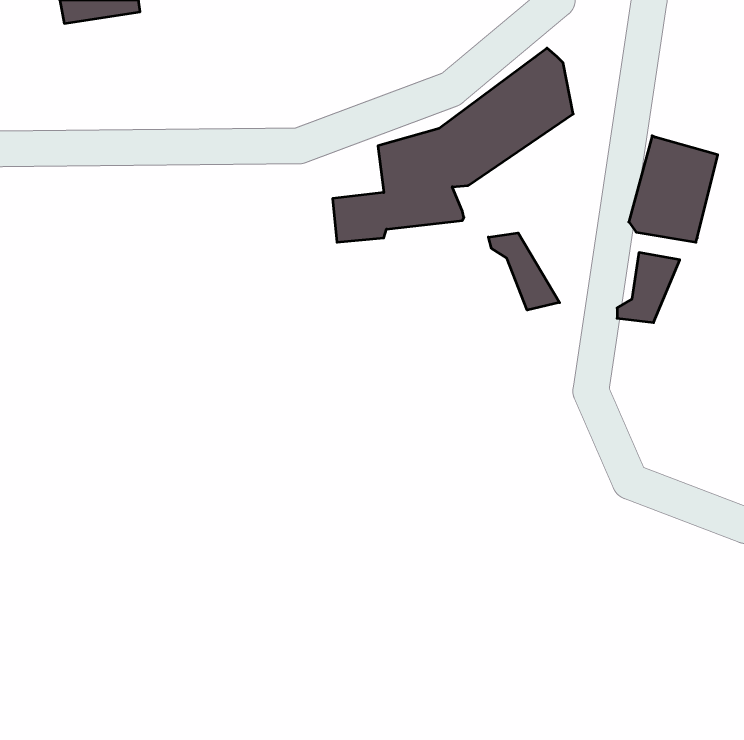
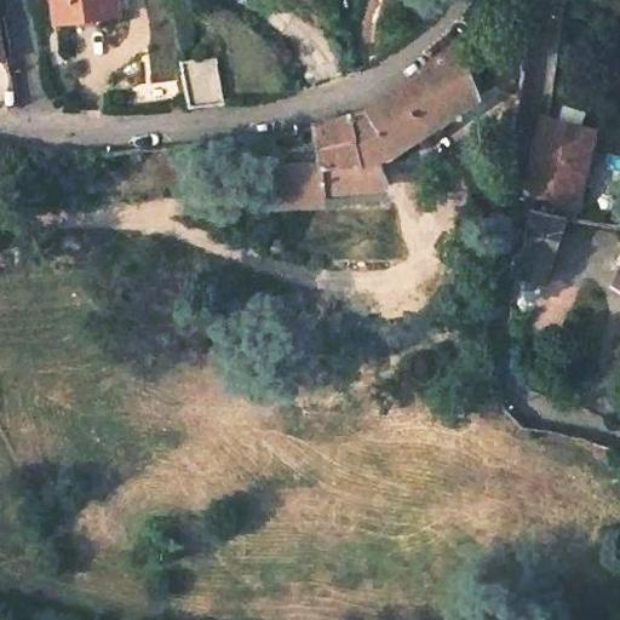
building: none -> [178,57,223,110]
building: [488,233,560,310] -> none

